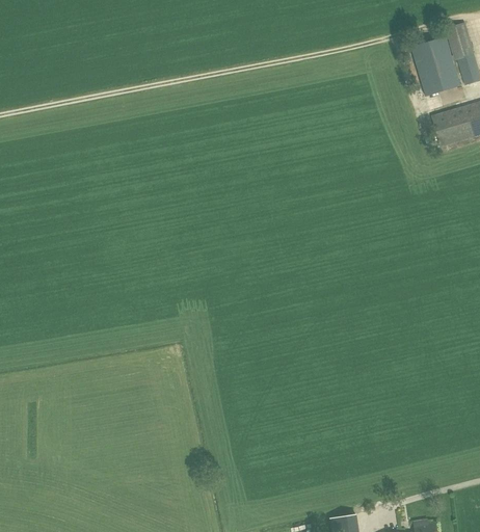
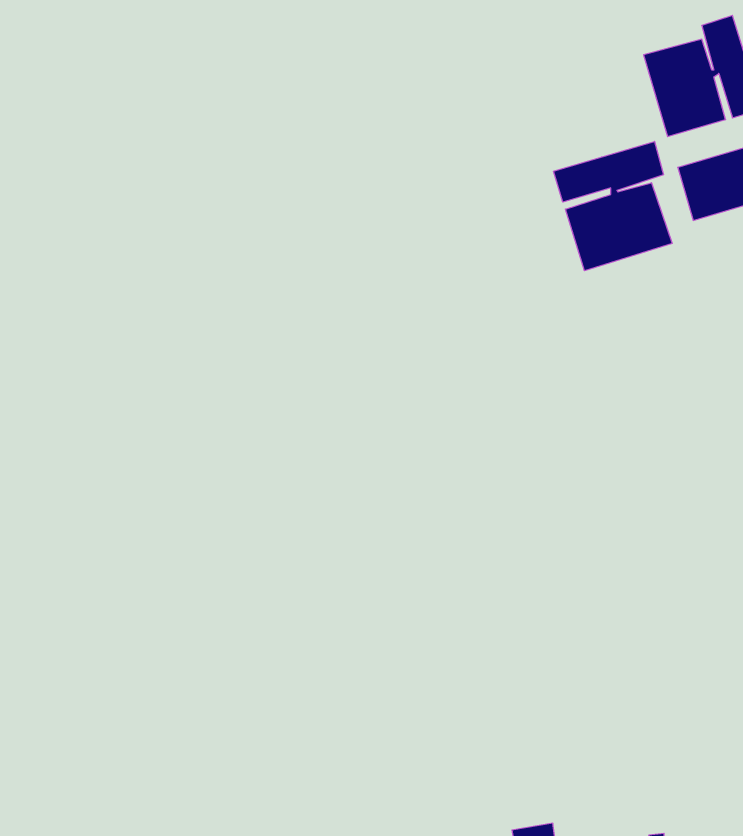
building: none -> [553,141,672,271]

